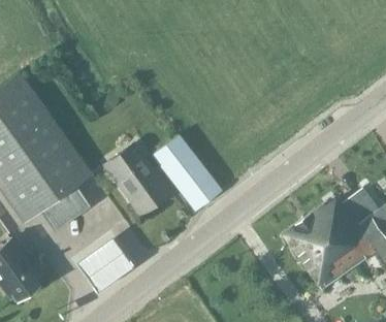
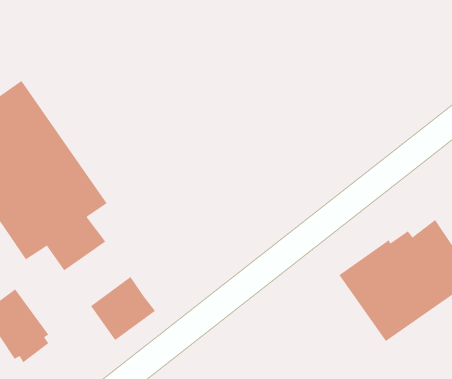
building: [153,136,221,211] -> none
building: [106,147,168,214] -> none

